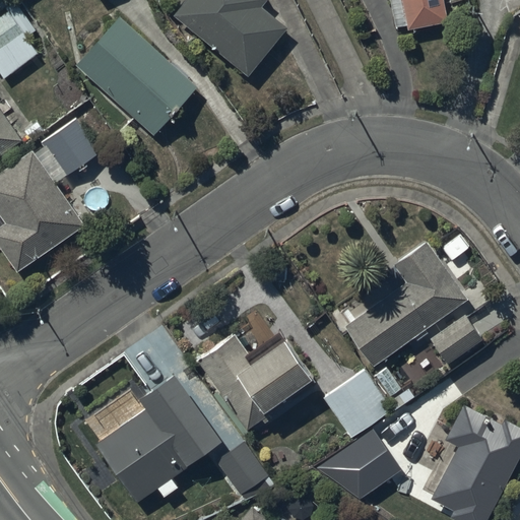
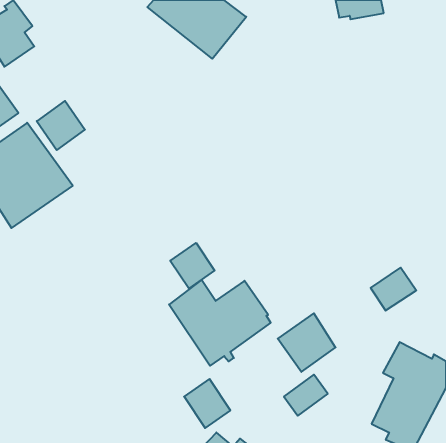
building: [77,19,200,138] -> none
building: [344,243,469,370] -> none
building: none -> [170,243,215,288]
building: [94,374,222,505] -> none

